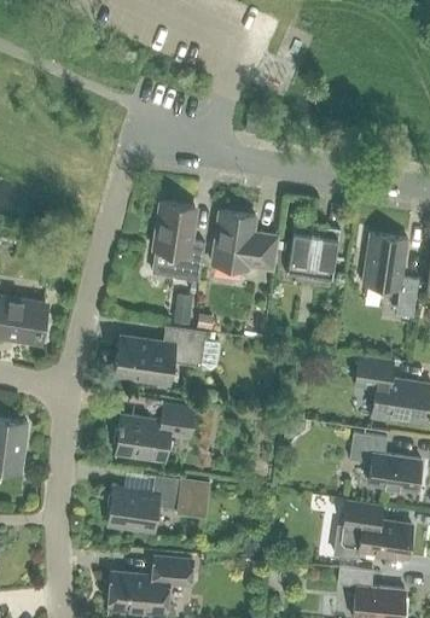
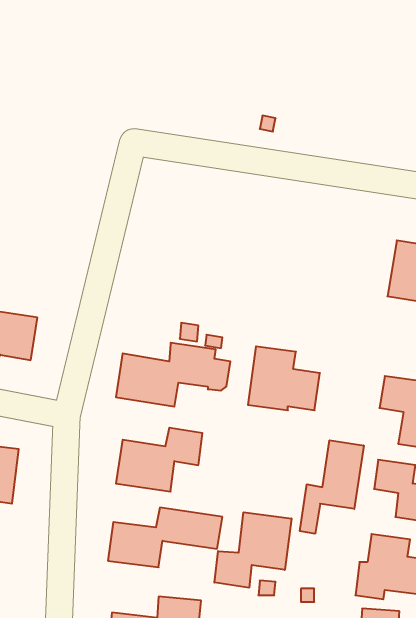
building: [151,203,204,281] -> none
building: [211,211,277,269] -> [248,346,320,410]
building: [286,227,339,280] -> none
building: none -> [300,440,364,534]
building: none -> [214,512,291,588]

